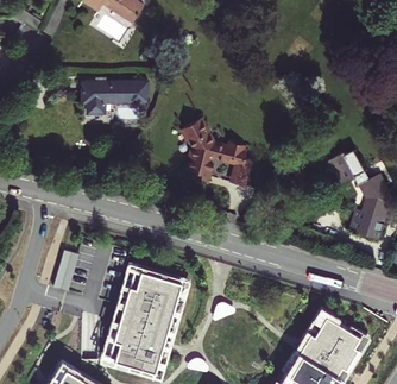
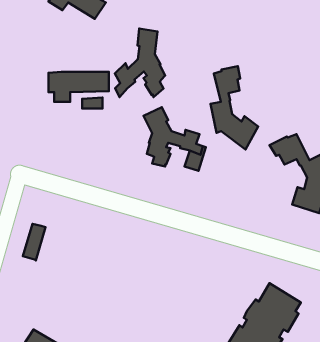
building: none -> [115,29,165,97]
building: none -> [210,66,258,149]
building: [107,265,182,371] -> none

